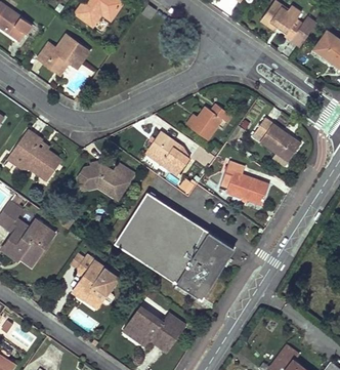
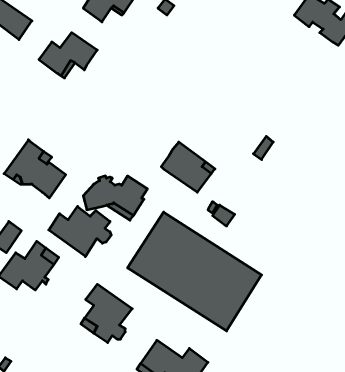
building: [185,104,231,139] -> none
building: [252,118,300,161] -> none
building: [220,162,268,204] -> none
building: none -> [49,206,111,257]

